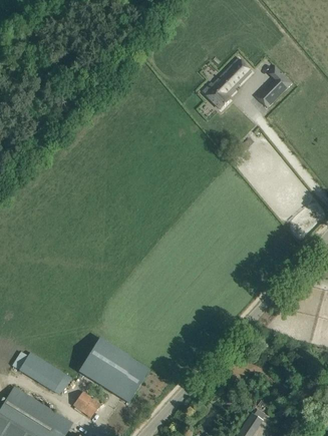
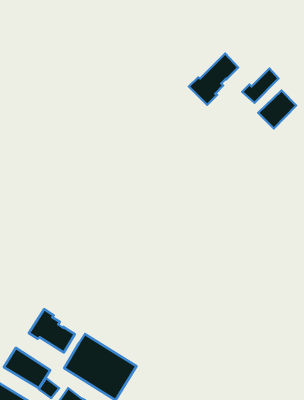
building: none -> [258,91,296,129]
building: none -> [29,309,75,352]

